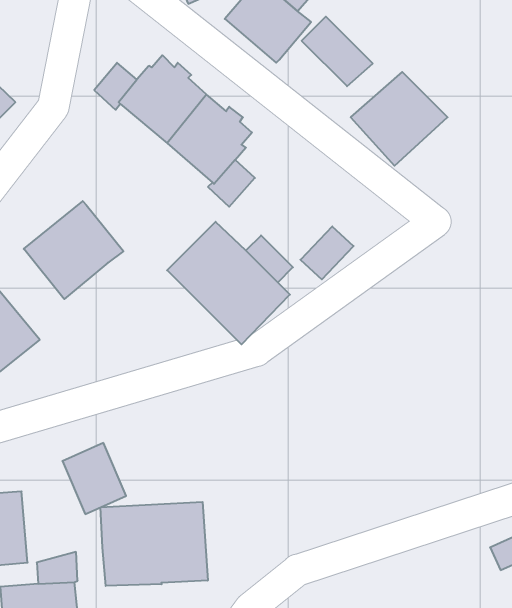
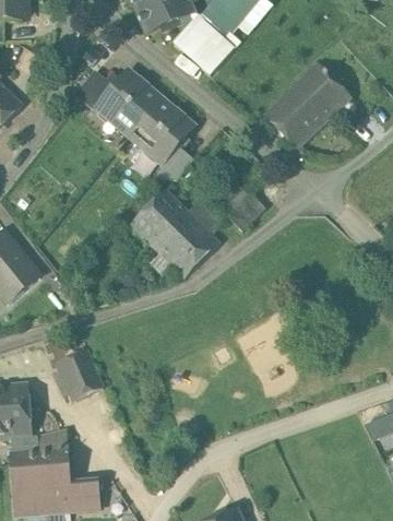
building: [302,17,373,86] -> [299,64,350,115]
building: [24,201,123,299] -> none
building: [101,502,208,586] -> none

